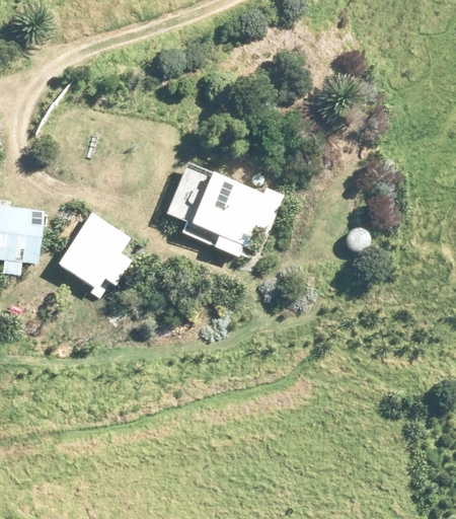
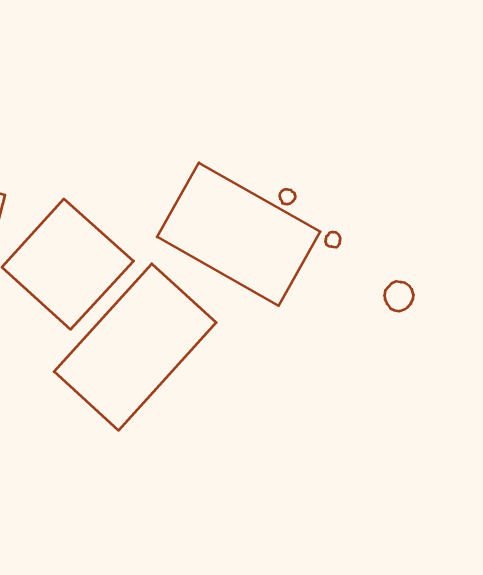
building: none -> [54,264,216,430]

